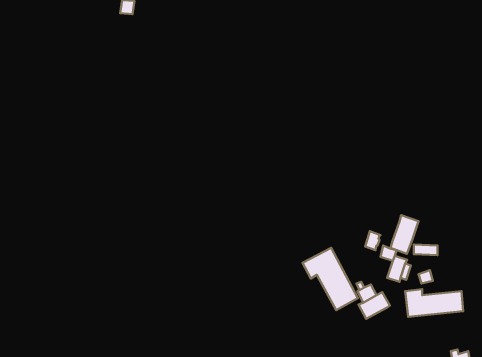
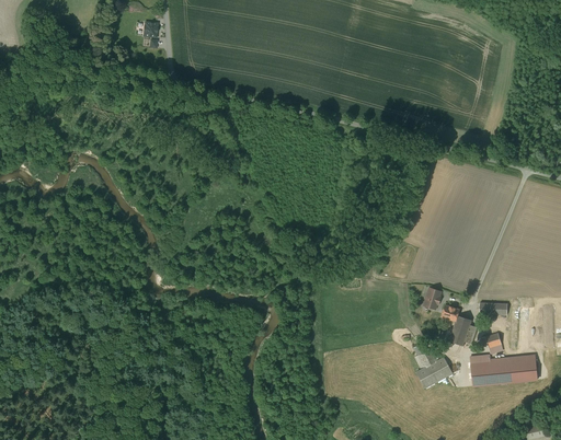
building: [391,215,418,254] -> none
building: [303,248,358,310] -> none

